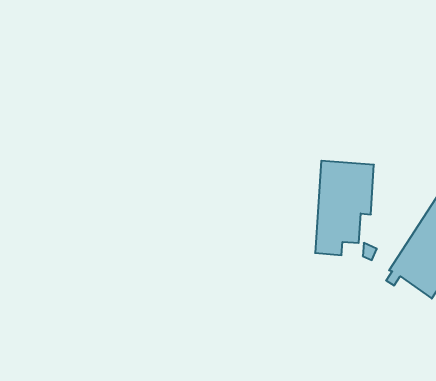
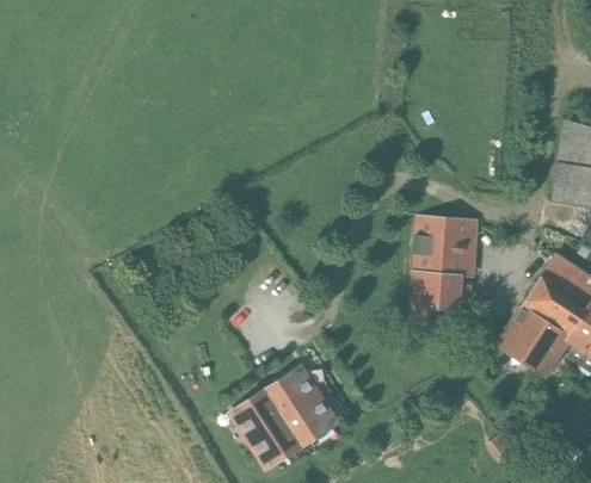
building: none -> [232,367,333,467]

